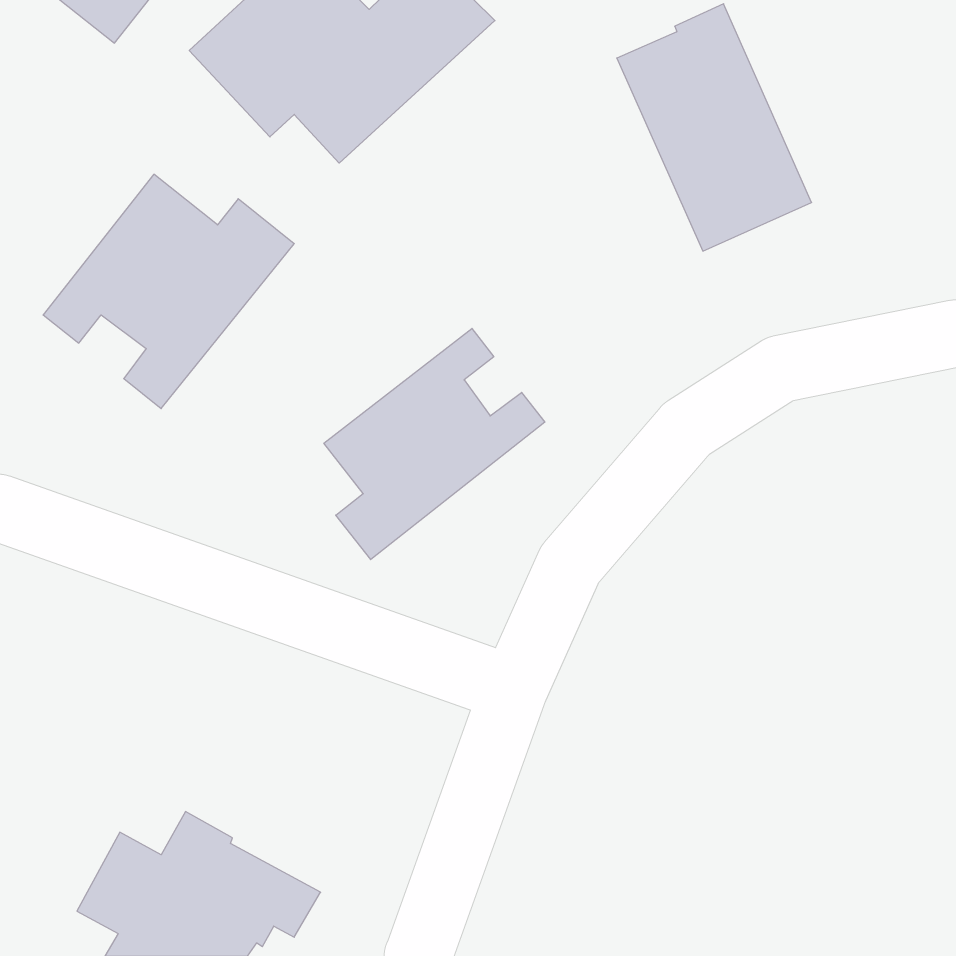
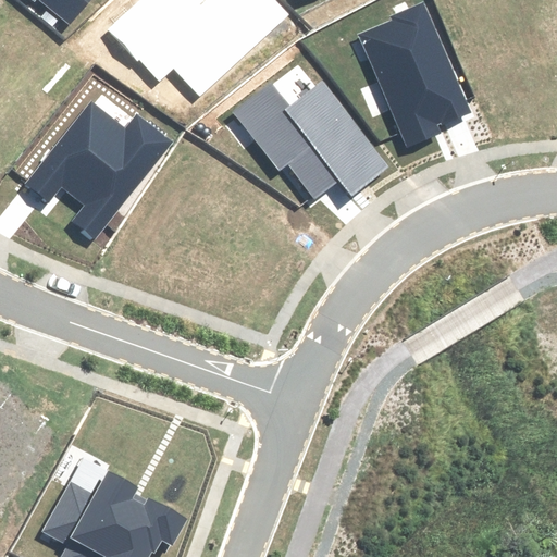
building: none -> [235,82,386,196]
building: [324,328,545,560] -> none

